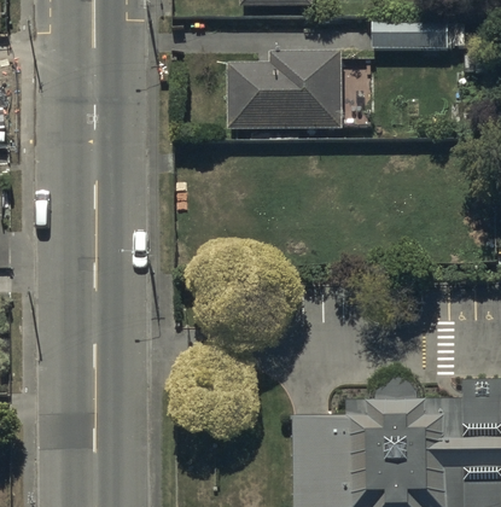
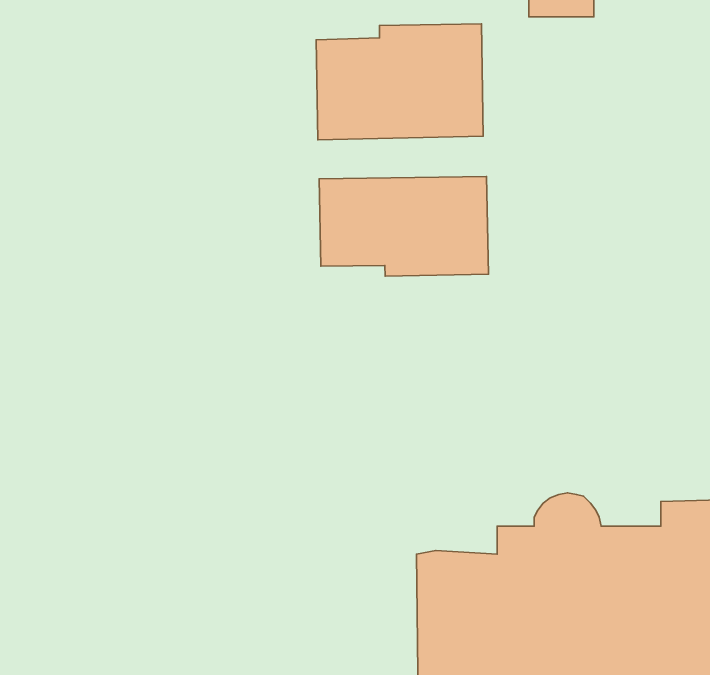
building: none -> [319,177,488,276]

